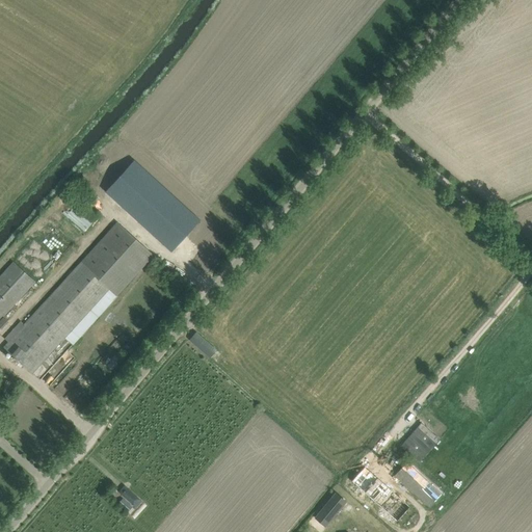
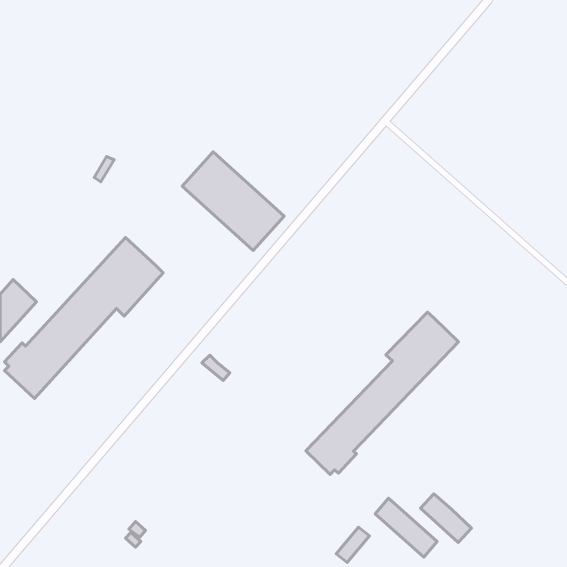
building: [105,160,201,252] -> [182,152,284,250]
building: none -> [306,312,458,475]
building: [400,423,440,462] -> none

